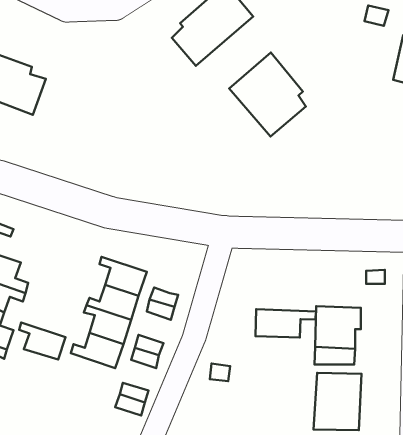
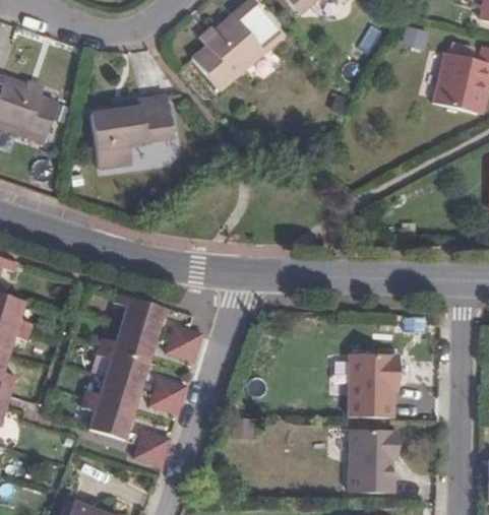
building: [229,52,306,137] -> none
building: none -> [95,92,174,167]
building: [256,309,316,338] -> none
building: [19,322,65,360] -> [79,402,130,443]

